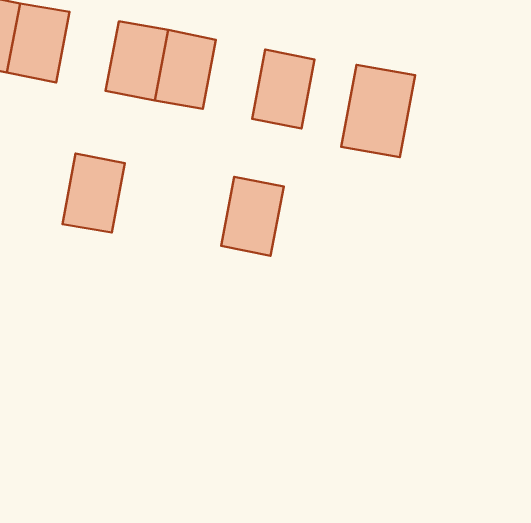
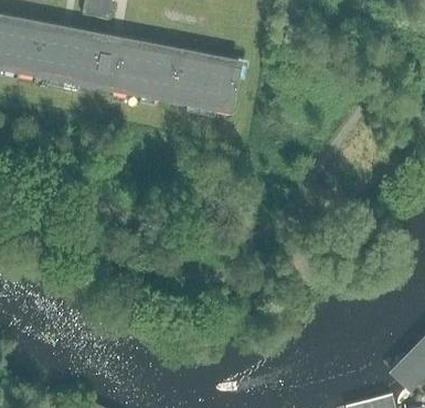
building: [341,65,415,157] -> none
building: [62,153,125,232] -> [73,34,115,87]
building: [221,177,284,256] -> [171,53,213,106]

